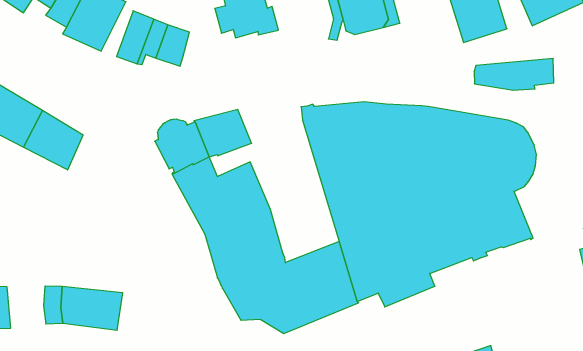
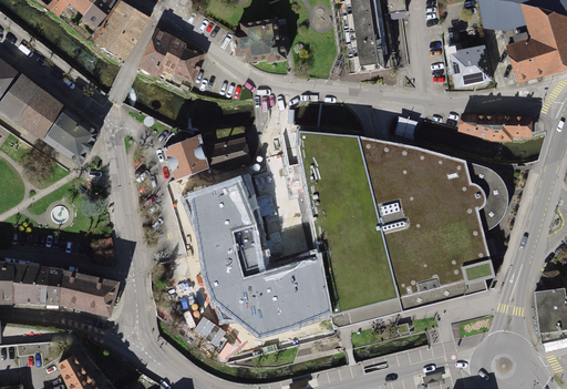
building: none -> [12,264,48,301]

